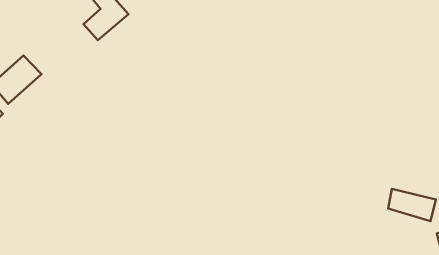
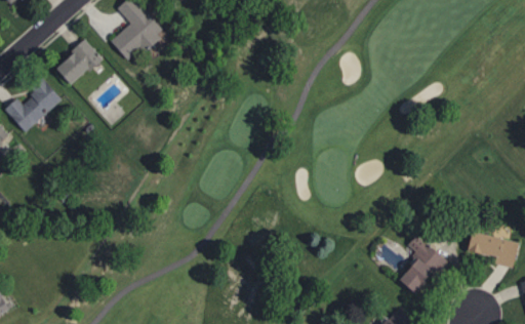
building: none -> [55,39,106,85]
building: none -> [391,236,443,293]

